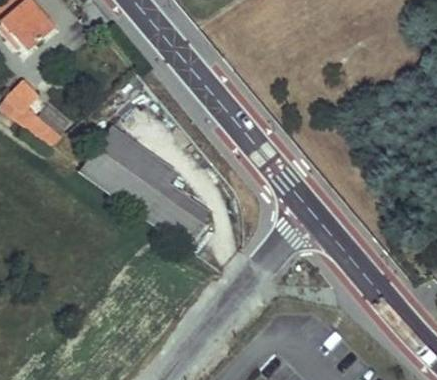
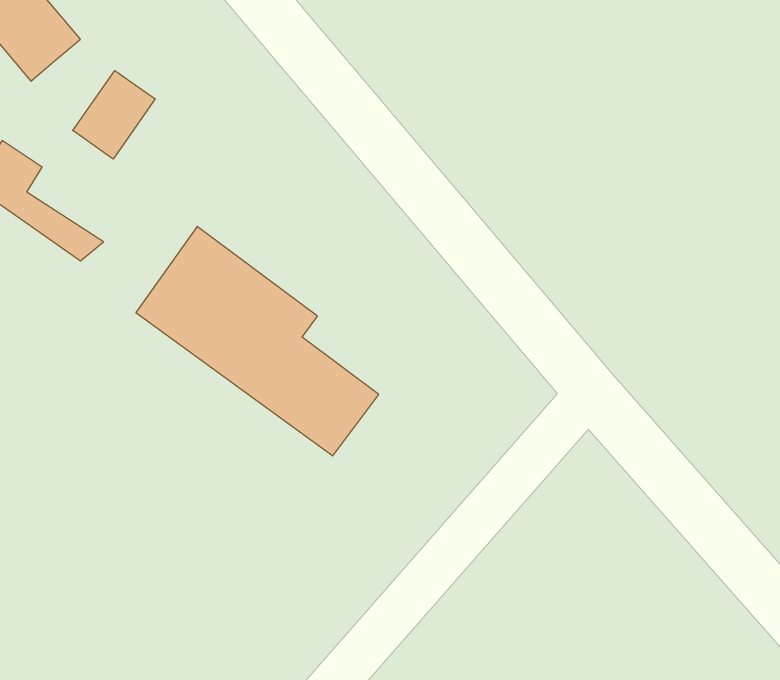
building: none -> [73,71,155,159]

